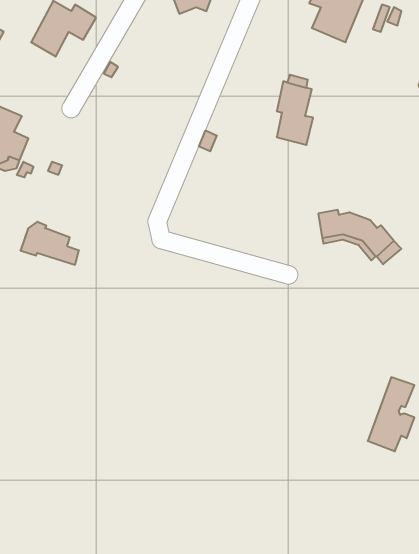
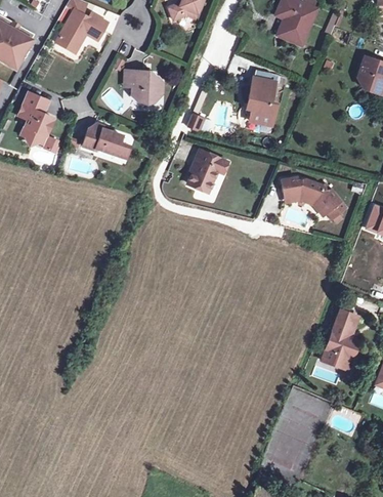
building: none -> [130,71,162,102]
building: none -> [187,149,227,191]
building: [20,222,79,265] -> [82,123,128,157]

